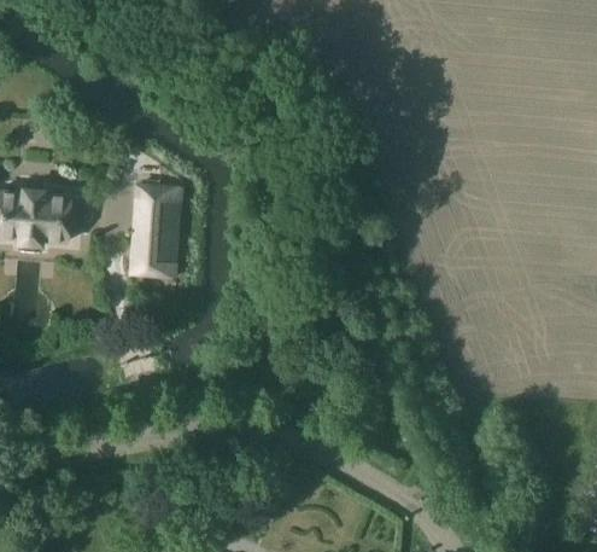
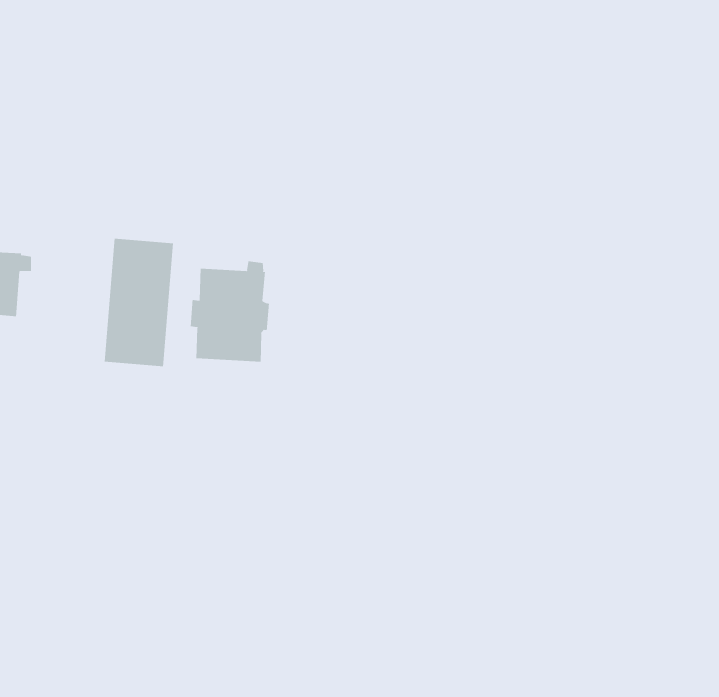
building: none -> [190,260,270,363]

